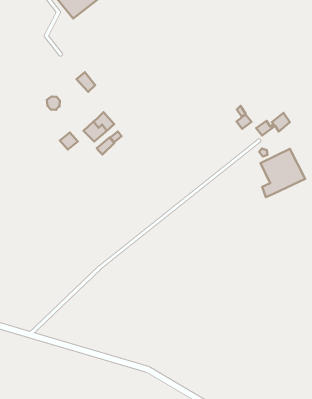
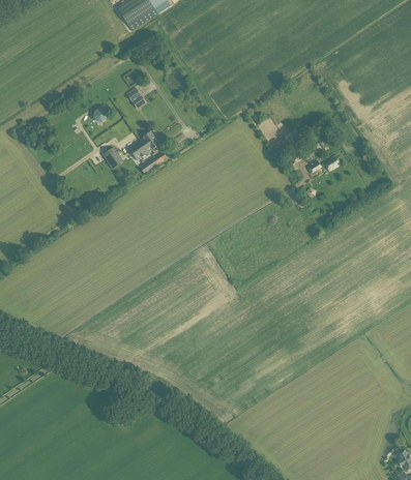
building: [261,149,305,197] -> none

